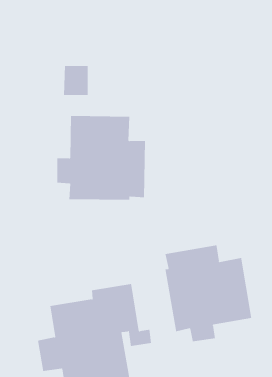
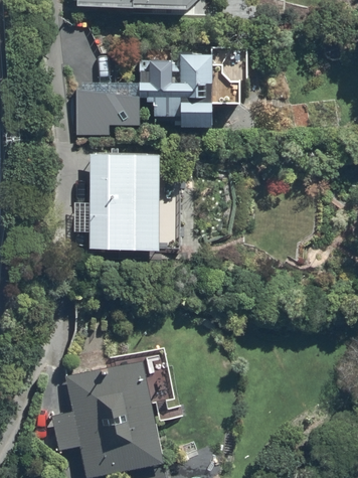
building: none -> [139,45,246,128]
building: [165,245,252,342] -> none

